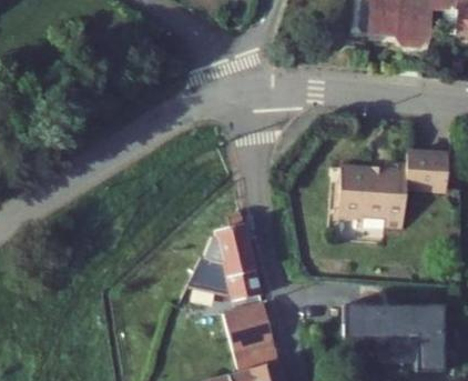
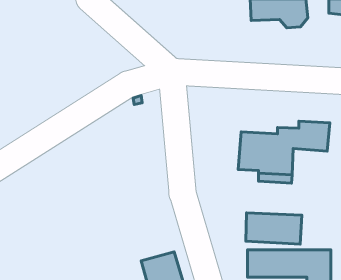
building: [187,227,257,308] -> none
building: none -> [246,213,302,244]

